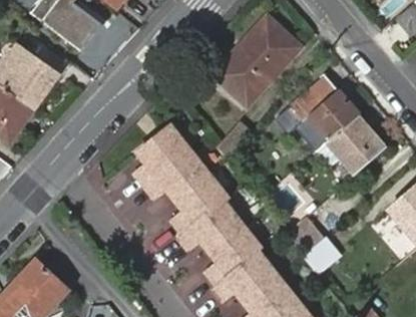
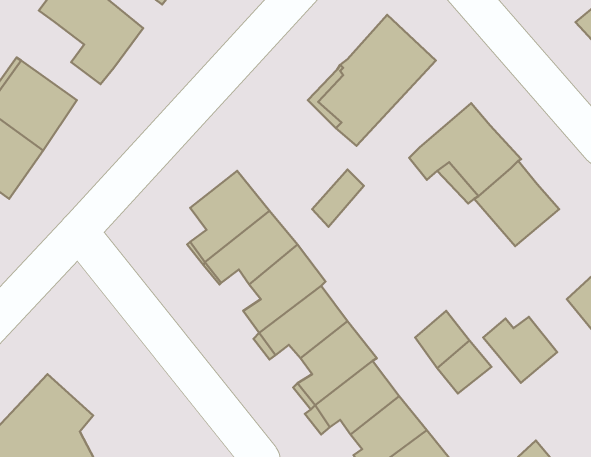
building: none -> [483,317,557,383]

